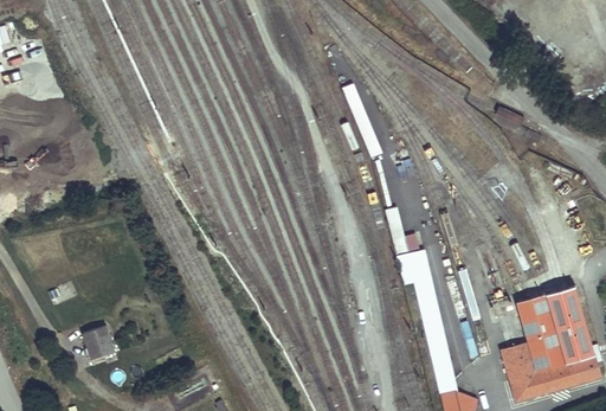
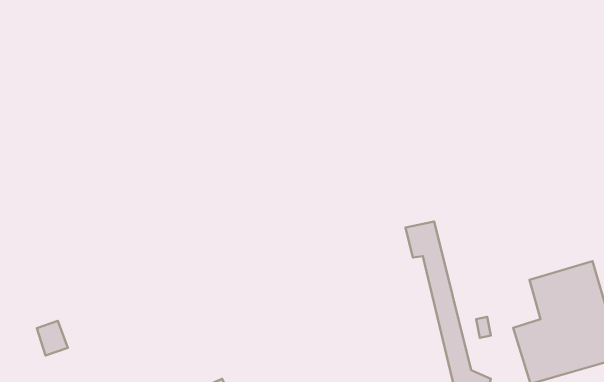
building: [83,327,112,360] -> [37,321,68,355]

